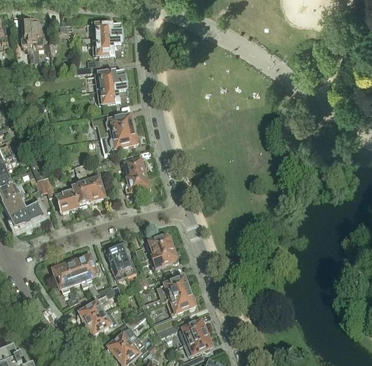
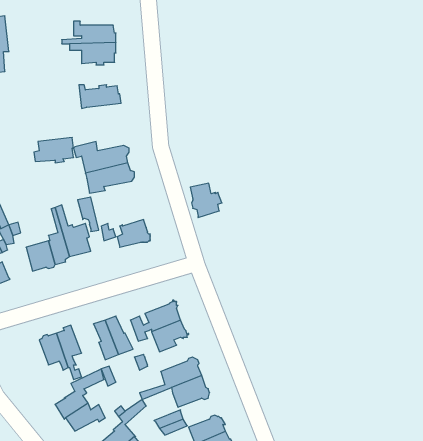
building: [99,85,129,104] -> [34,138,74,163]
building: [123,152,147,178] -> [190,183,222,218]
building: [52,264,79,304] -> none

